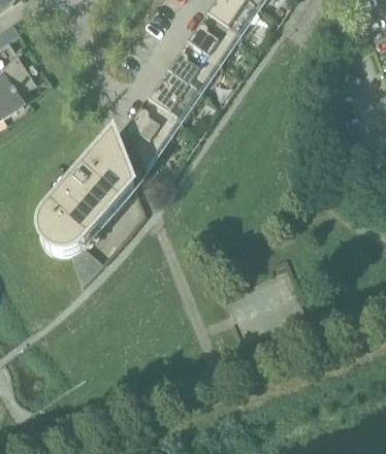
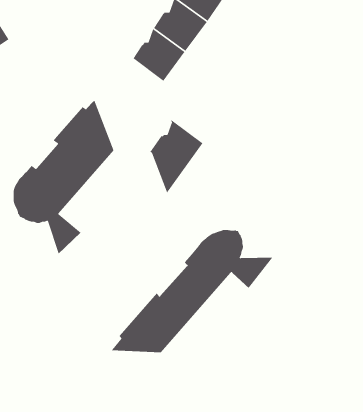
building: [128,100,179,170] -> [149,119,203,194]
building: none -> [110,229,274,353]

